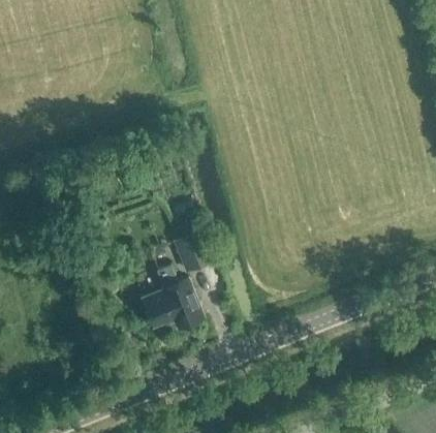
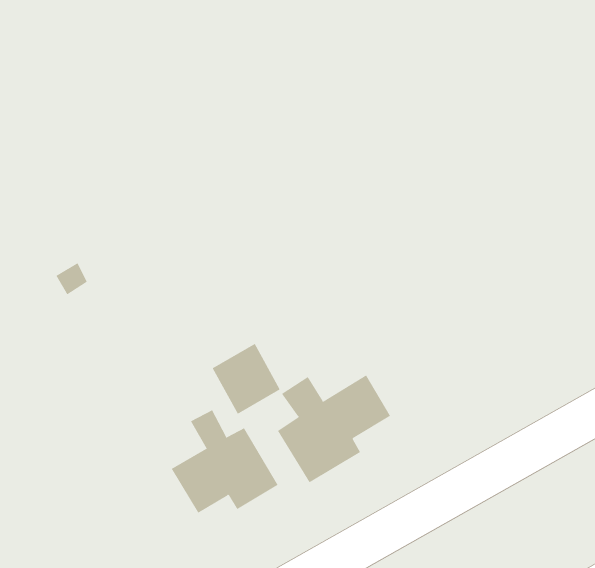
building: none -> [277,375,391,483]

